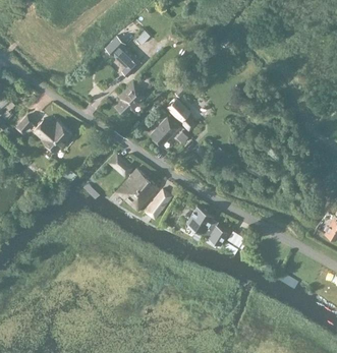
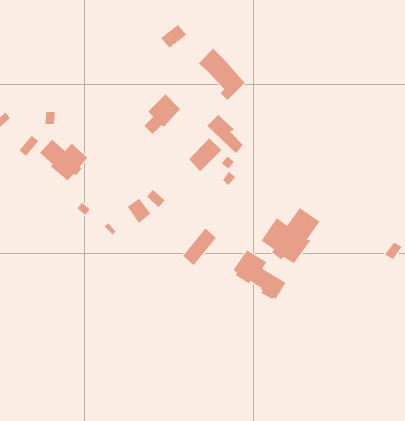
building: [104,35,142,76] -> [198,48,245,101]
building: [115,168,158,210] -> none
building: none -> [261,207,320,264]

